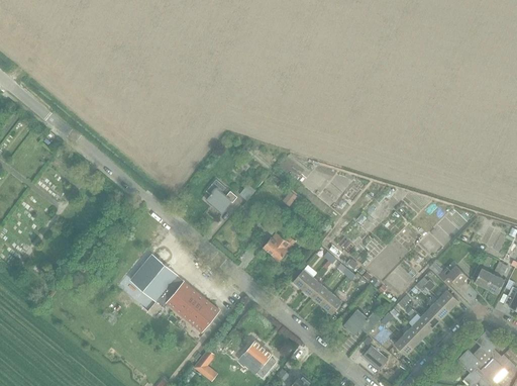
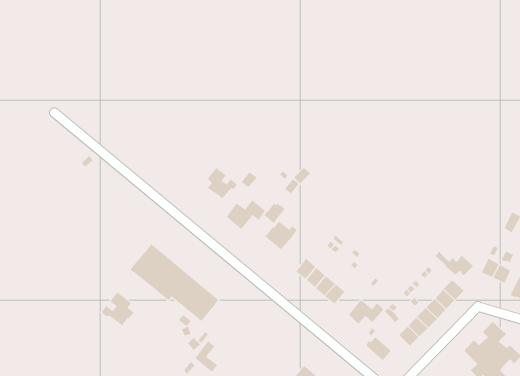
building: none -> [226,200,266,230]
building: none -> [101,292,135,326]
building: [244,341,275,377] -> none

